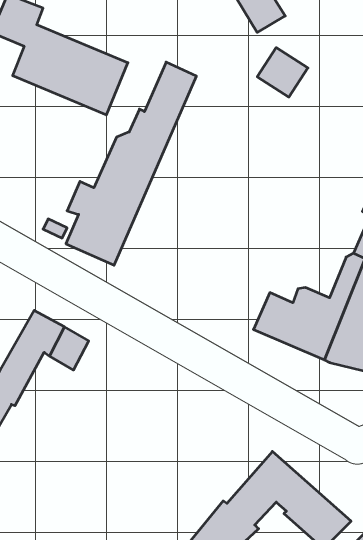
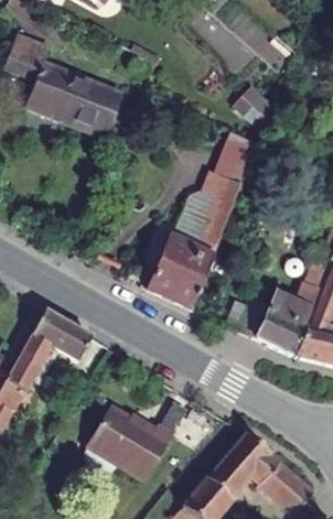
building: [66,62,196,265] -> [146,130,259,306]
building: none -> [86,402,174,477]

